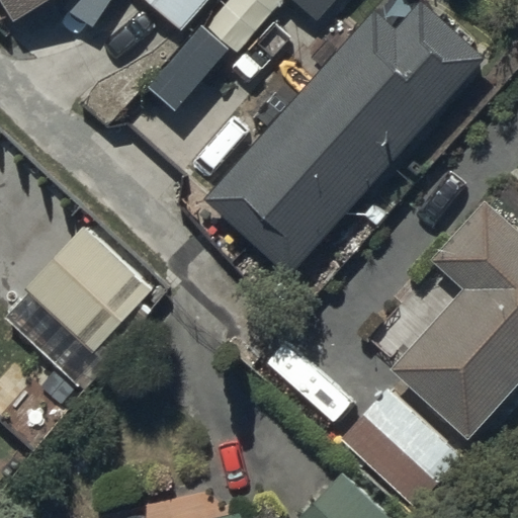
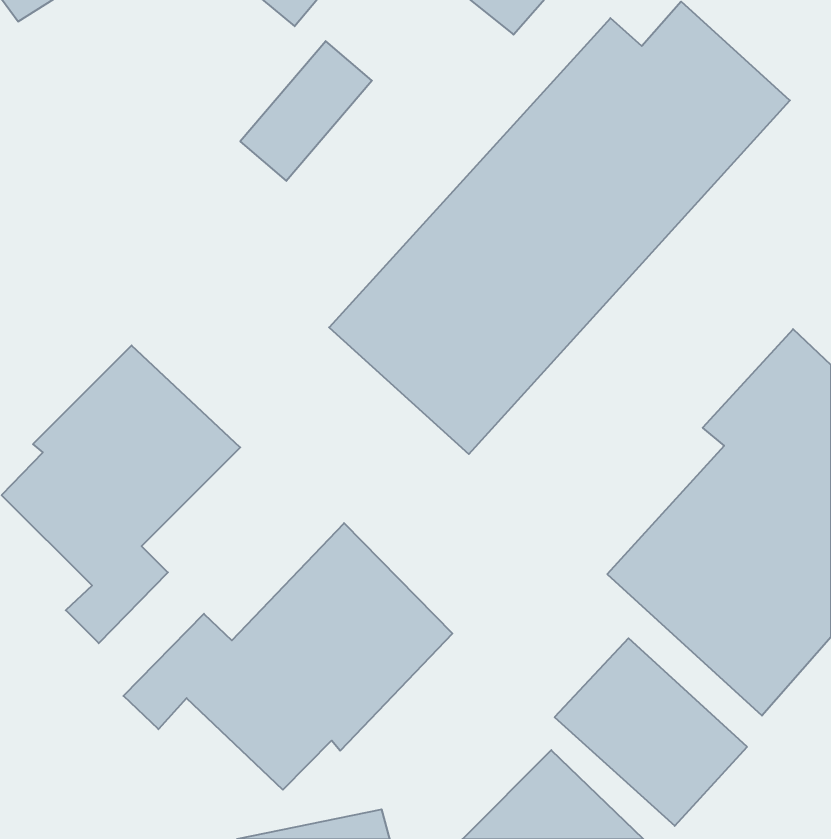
building: none -> [123,523,452,790]

